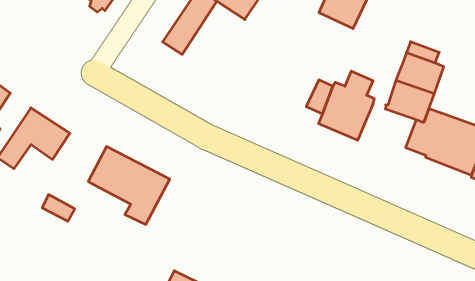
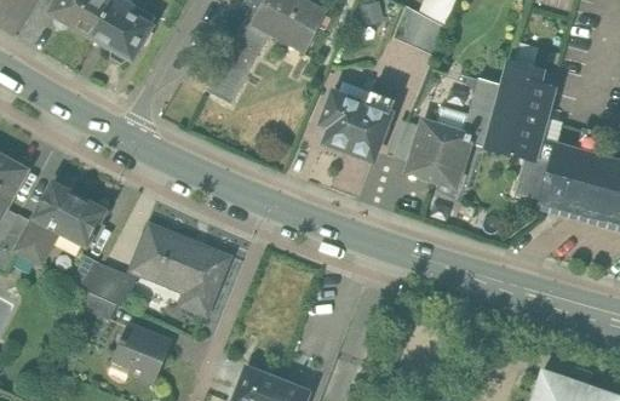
building: none -> [323,91,395,159]
building: none -> [461,79,503,147]
building: none -> [84,263,139,308]
building: none -> [110,325,171,382]

